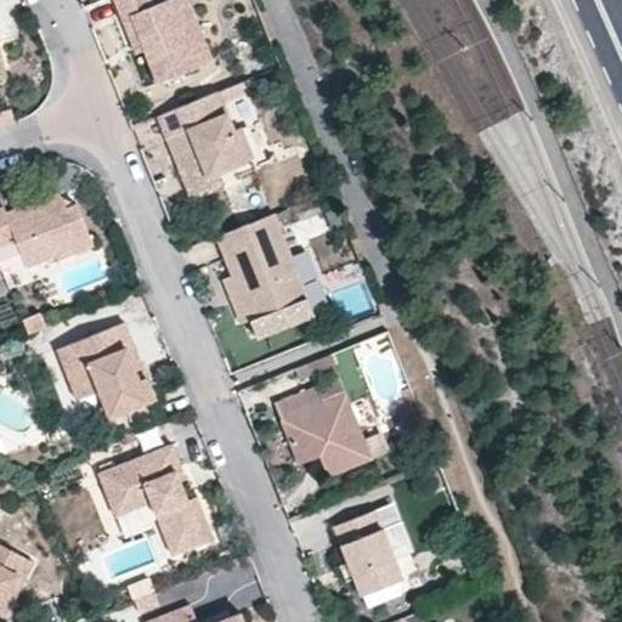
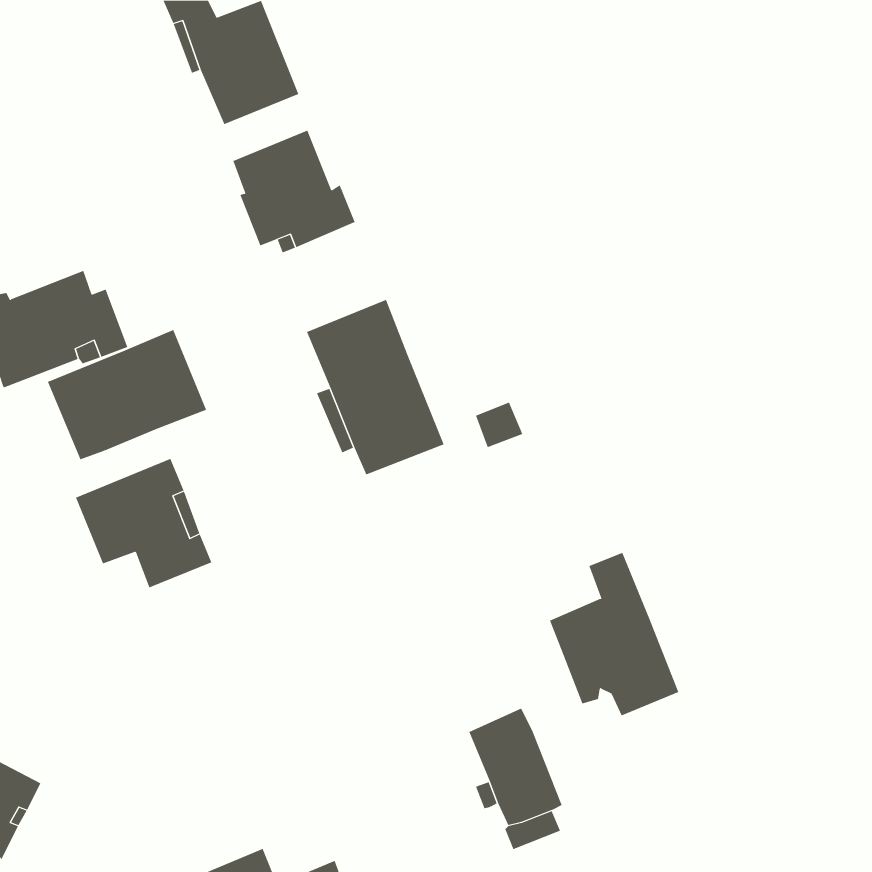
building: none -> [47,329,207,460]
building: [277,354,369,470] -> [549,552,679,716]
building: [96,443,211,550] -> none

